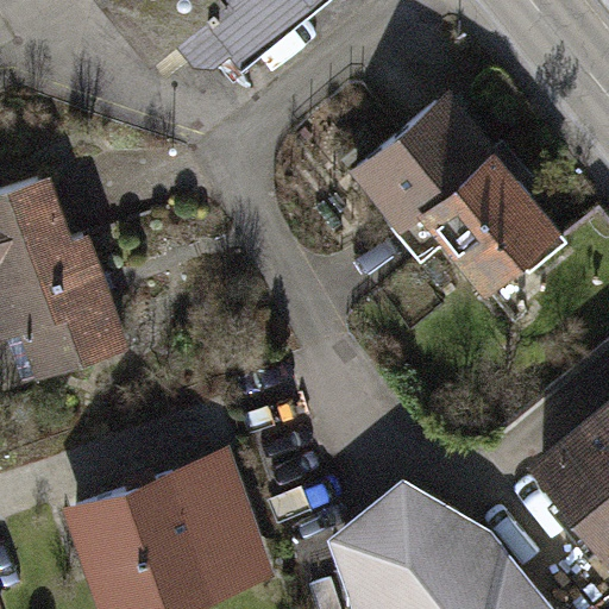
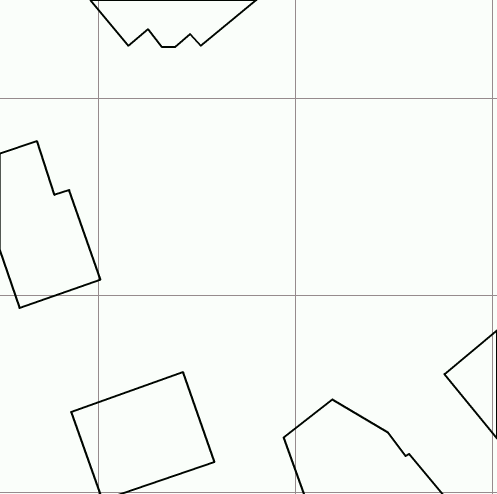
building: [358,95,564,284] -> none

